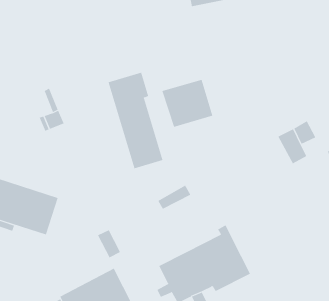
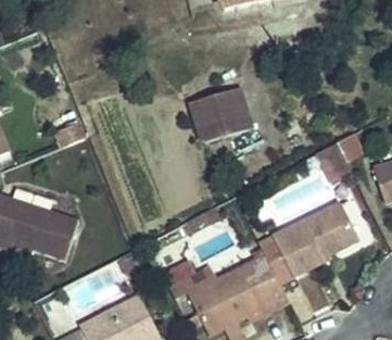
building: [108,72,163,169] -> none
building: none -> [258,202,357,282]
building: none -> [163,260,217,299]

